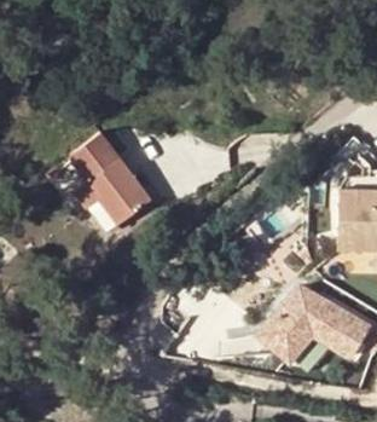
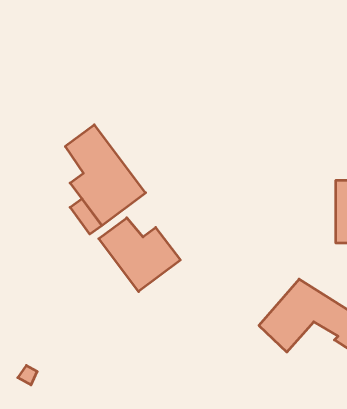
building: none -> [99,218,180,292]

